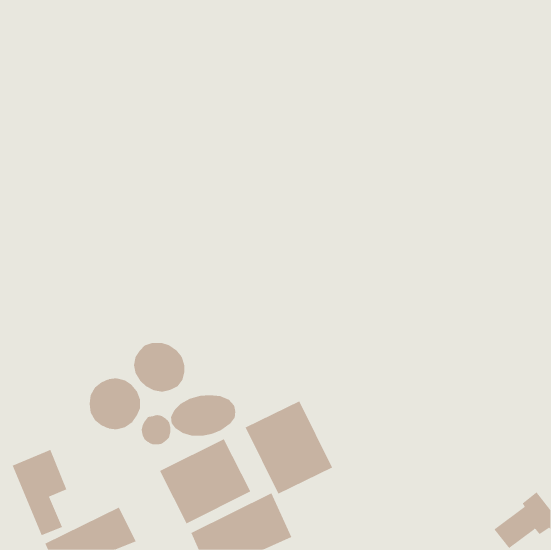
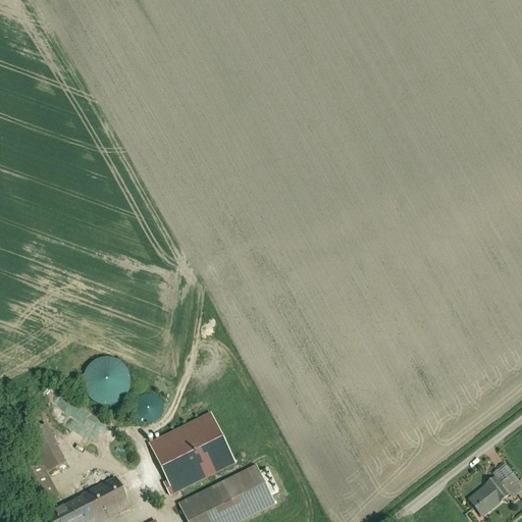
building: [133,342,185,392] -> none
building: [171,394,236,436] -> none
building: [245,401,333,494] -> none

